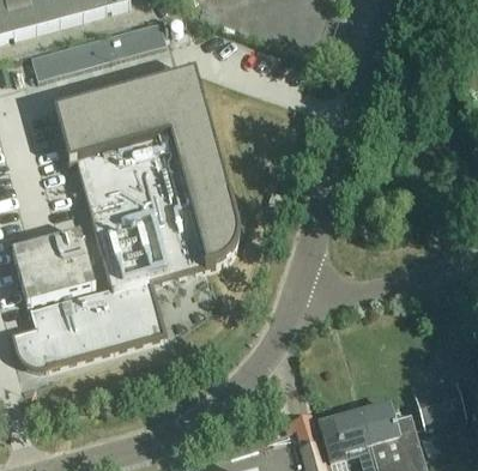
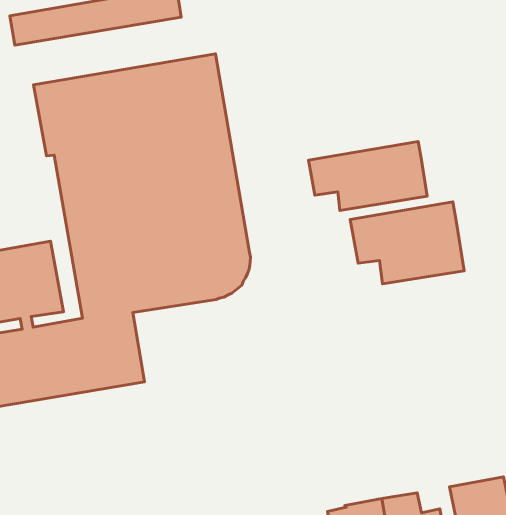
building: none -> [309,141,427,211]
building: none -> [350,202,464,284]

